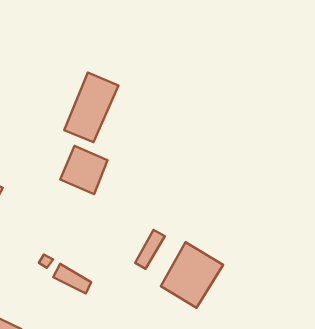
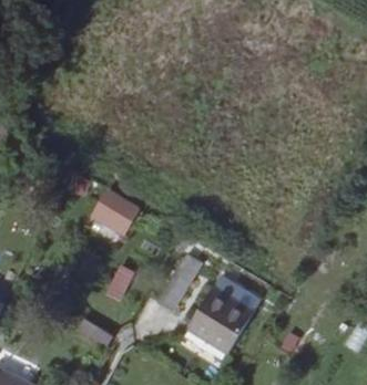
building: [64,73,119,142] -> none

